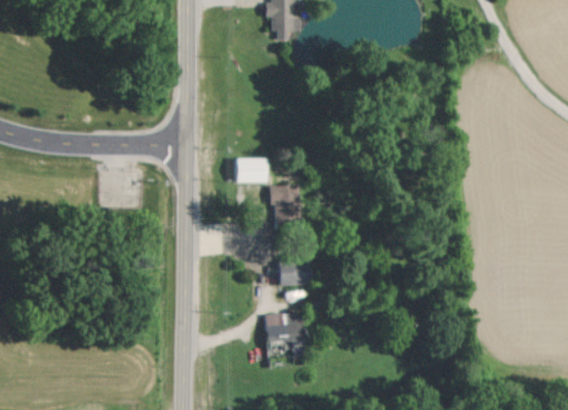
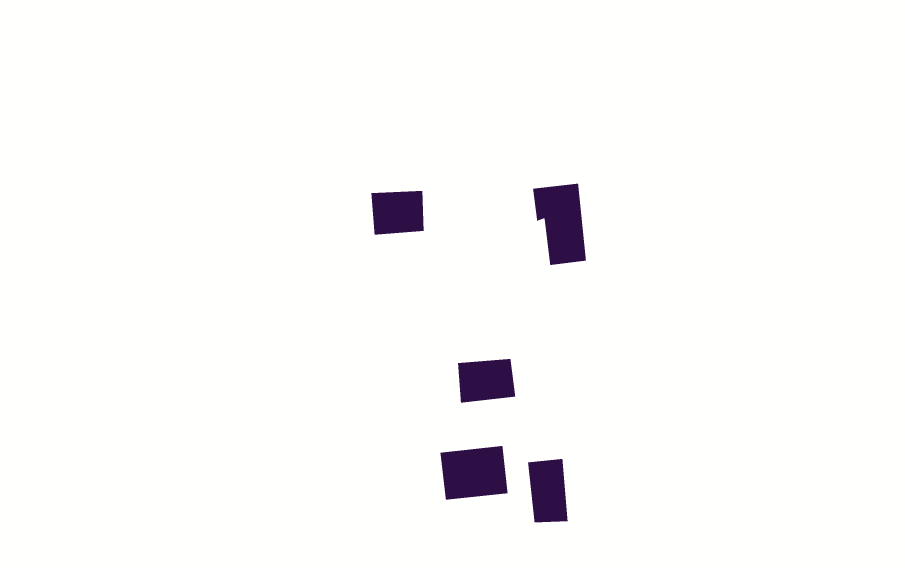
building: [268,185,297,233] -> [532,183,587,266]
building: none -> [527,458,568,523]

